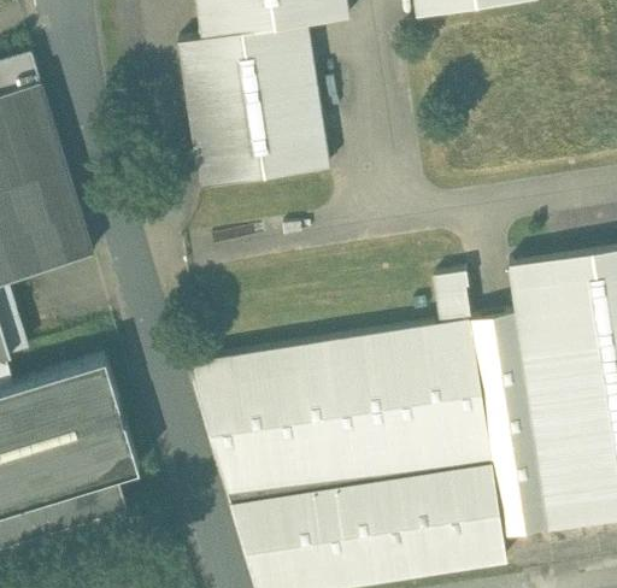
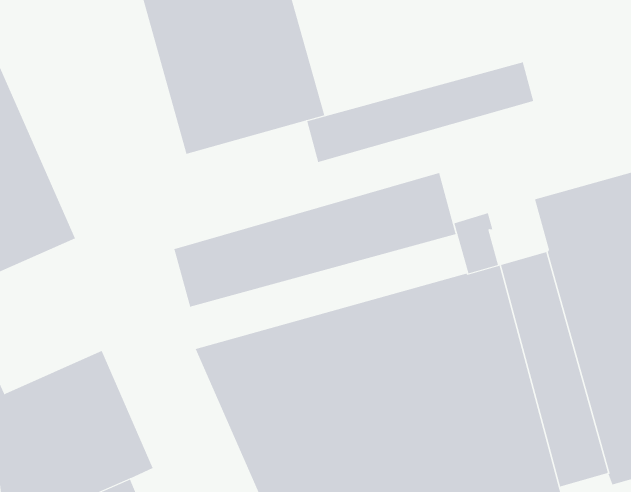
building: none -> [306,61,534,163]
building: none -> [173,172,457,307]

